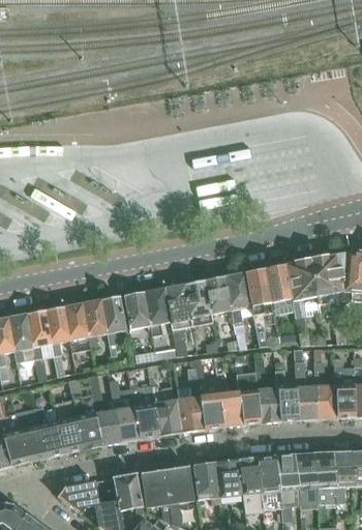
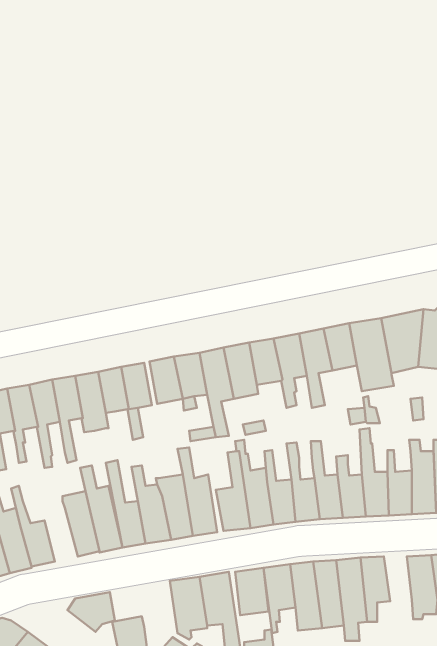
building: [33,406,65,457] -> none
building: [312,452,336,520] -> none
building: [112,473,142,509] -> none

